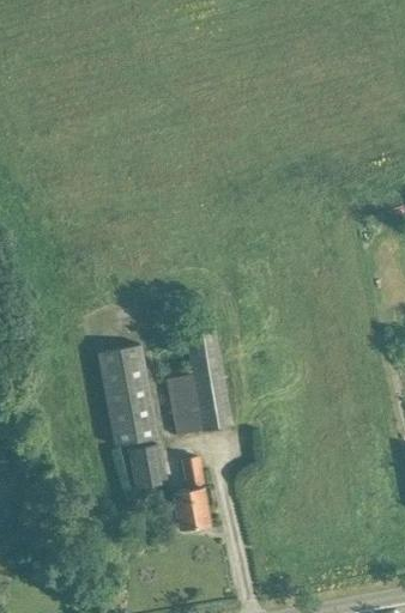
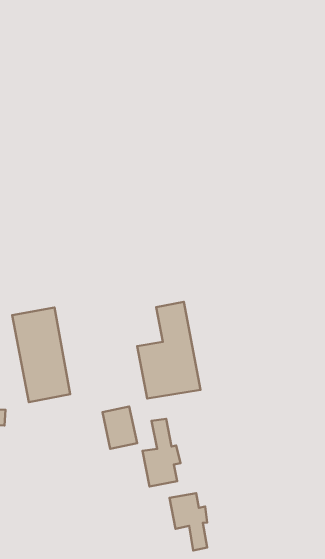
building: [96,345,158,447] -> [12,307,70,402]
building: none -> [170,493,207,550]

